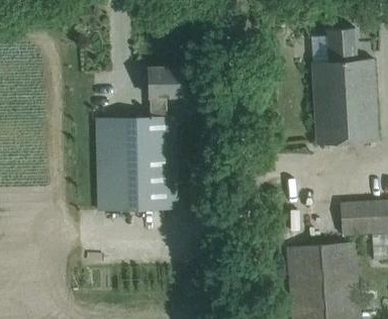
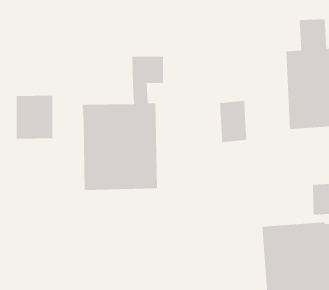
building: none -> [16,95,53,139]
building: none -> [219,100,247,143]

